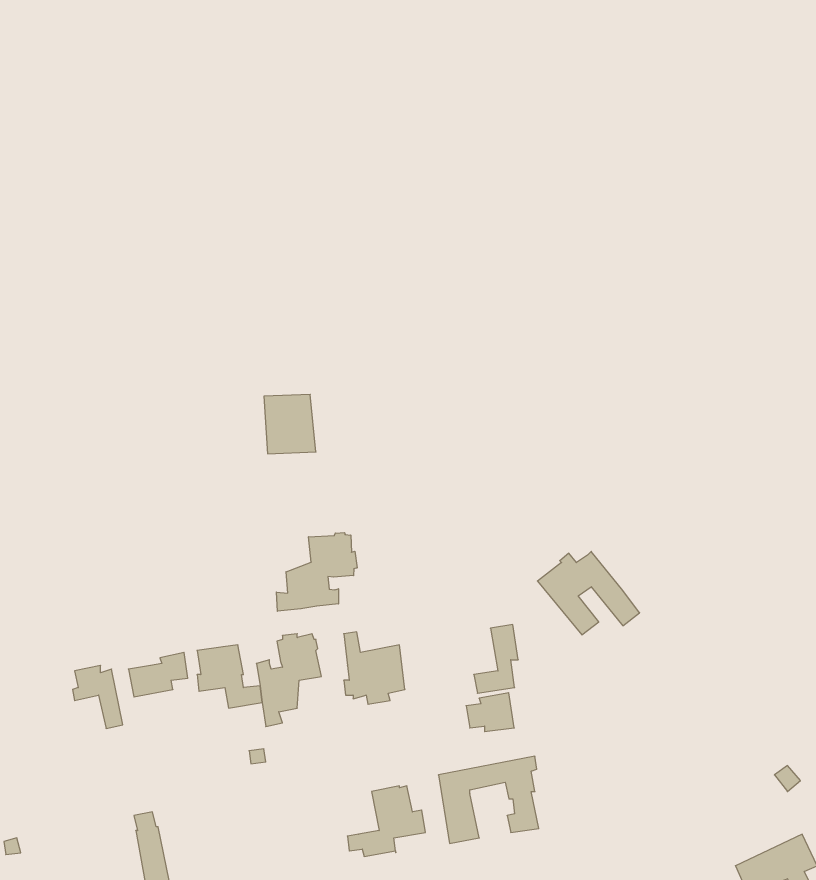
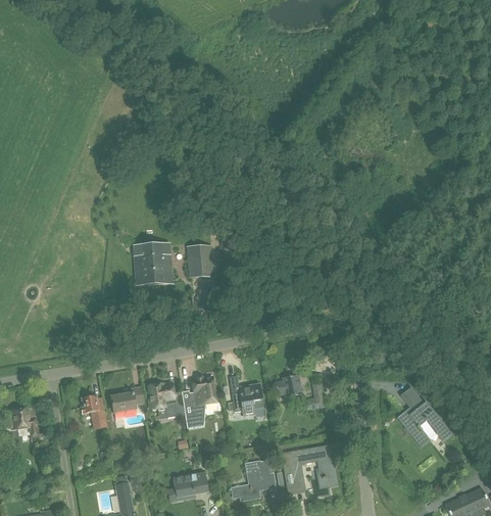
building: none -> [132,242,173,285]
building: [276,533,357,611] -> none
building: [537,551,640,635] -> [396,401,452,447]
building: [466,693,514,732] -> [275,374,301,395]
building: none -> [173,471,208,499]

